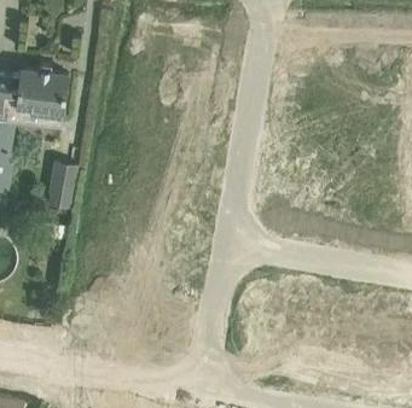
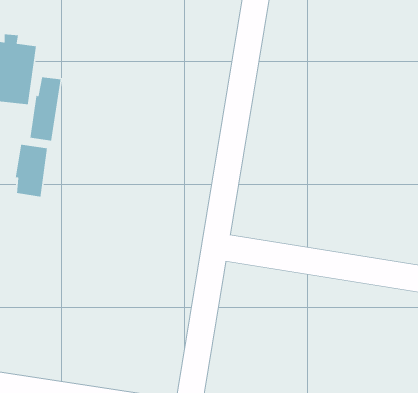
building: none -> [30,76,62,142]

